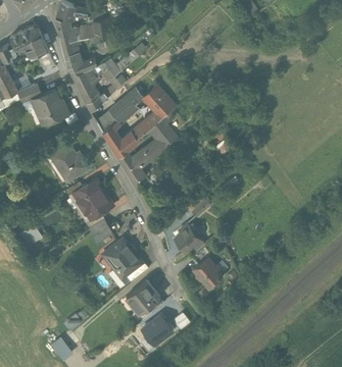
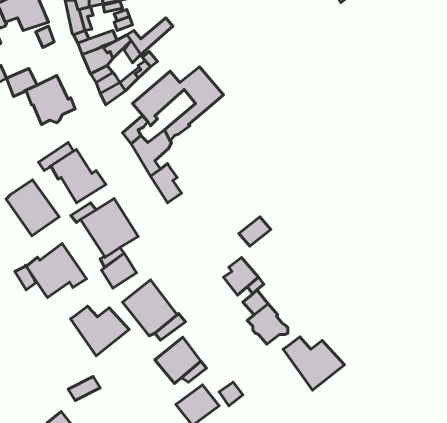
building: [137,115,177,164] -> none
building: none -> [6,180,59,236]
building: none -> [26,243,87,298]
building: none -> [70,306,129,356]
building: none -> [283,337,344,390]

